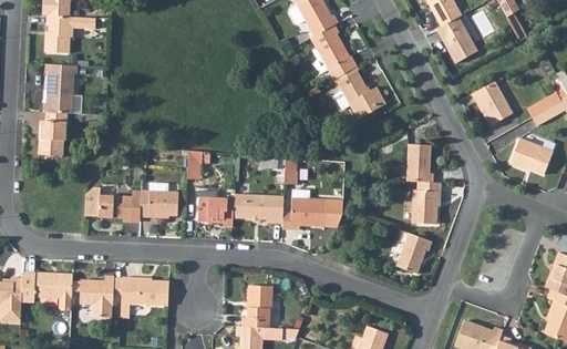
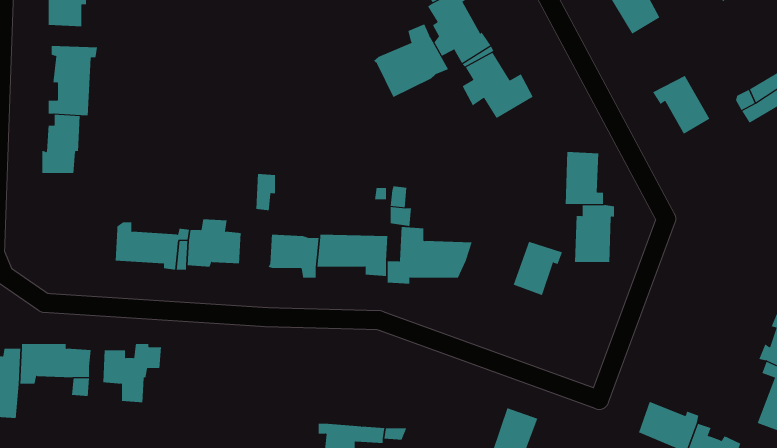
building: none -> [373,23,449,98]
building: [507,142,551,177] -> none
building: [398,229,433,268] -> [513,241,563,296]
building: [121,277,168,317] -> none
building: [237,290,269,333] -> none

